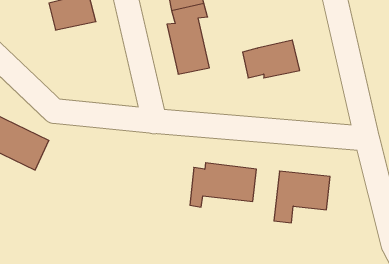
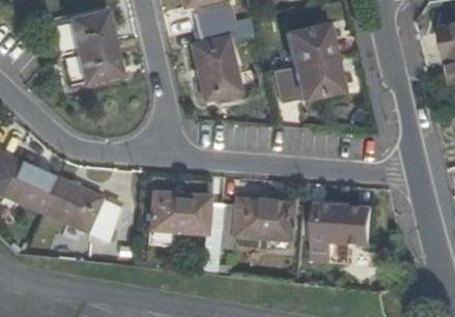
building: none -> [286,28,334,70]
building: none -> [68,40,119,82]
building: none -> [45,174,117,234]
building: none -> [150,191,223,247]

